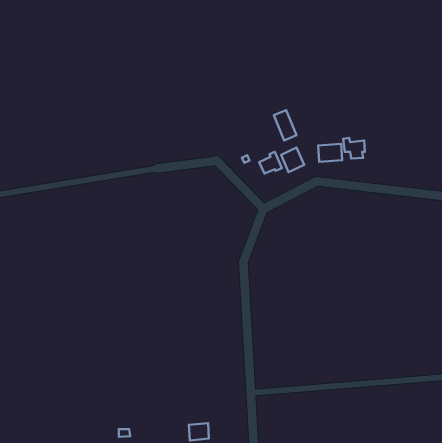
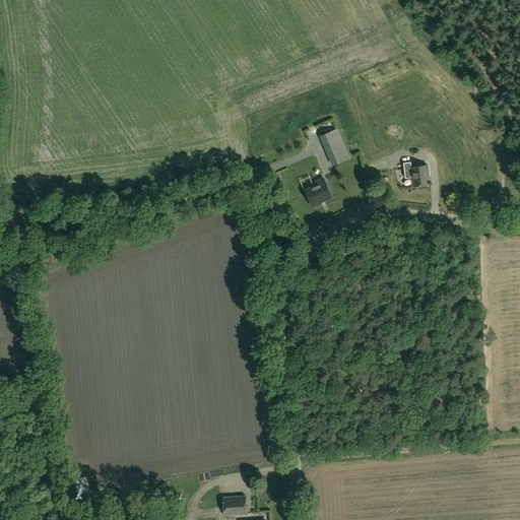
building: [318,144,342,162] -> none
building: [281,147,304,172] -> none

